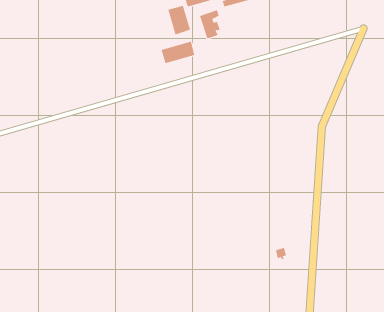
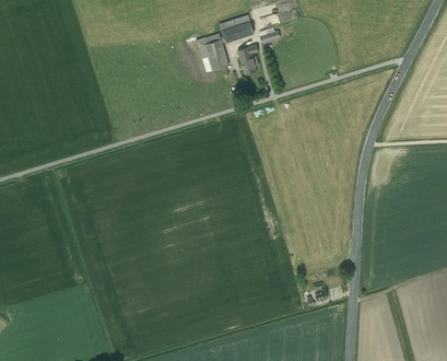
building: [161,41,195,64] -> none

